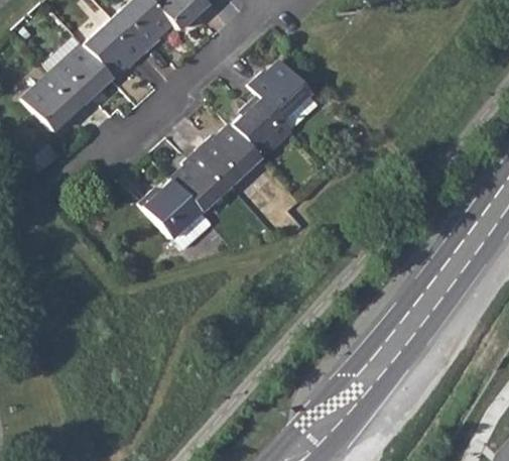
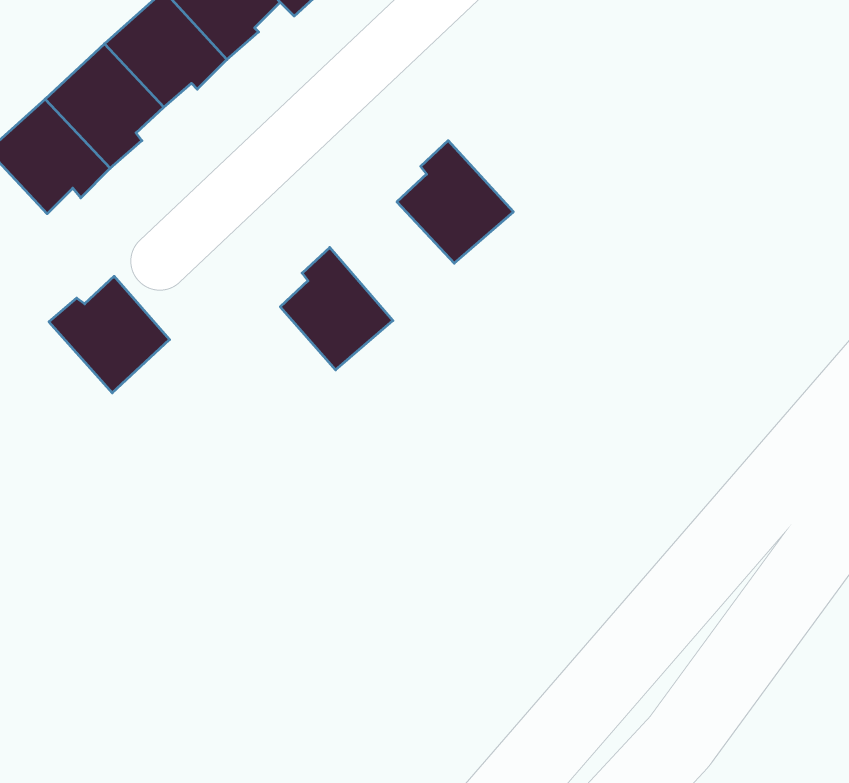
building: [249,59,321,129] -> none
building: [198,124,261,185] -> none
building: [139,178,201,237] -> [49,276,170,393]

